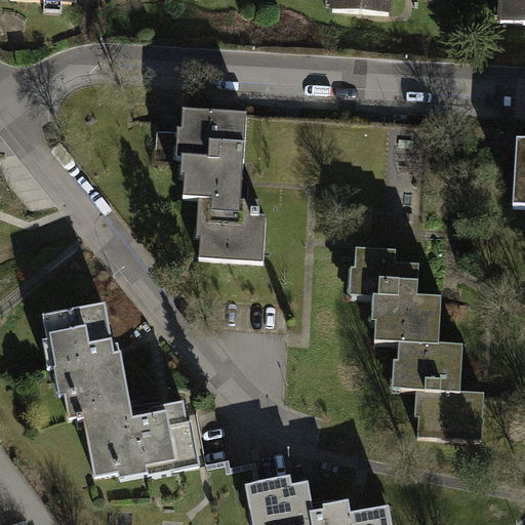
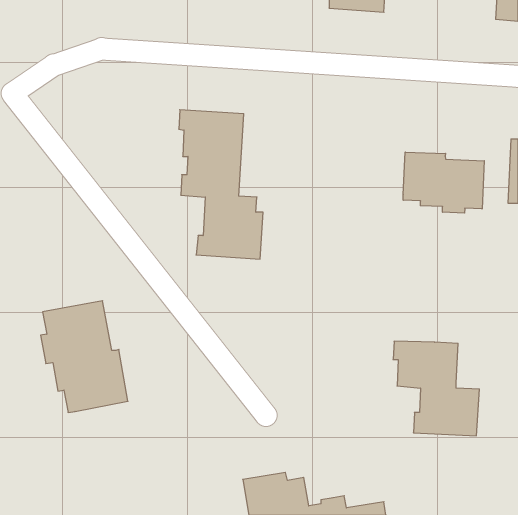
building: none -> [403,152,484,213]
building: [355,250,441,346] -> none
building: [76,402,198,476] -> none

